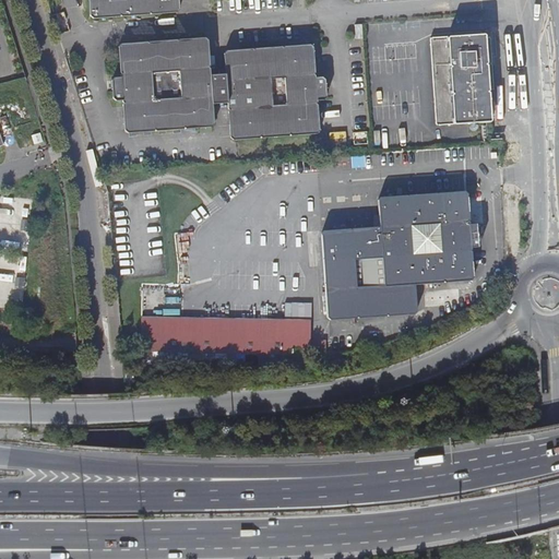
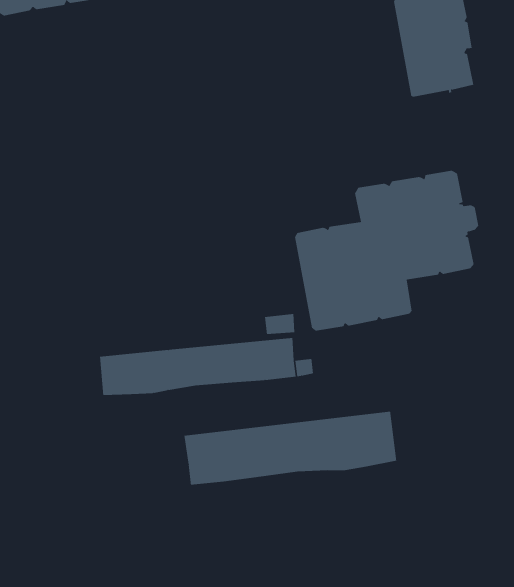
building: [114,36,326,139] -> none
building: none -> [184,411,397,485]

